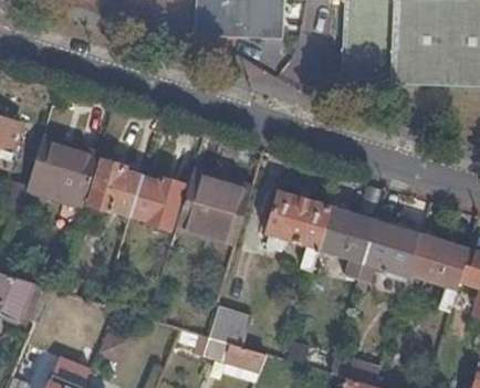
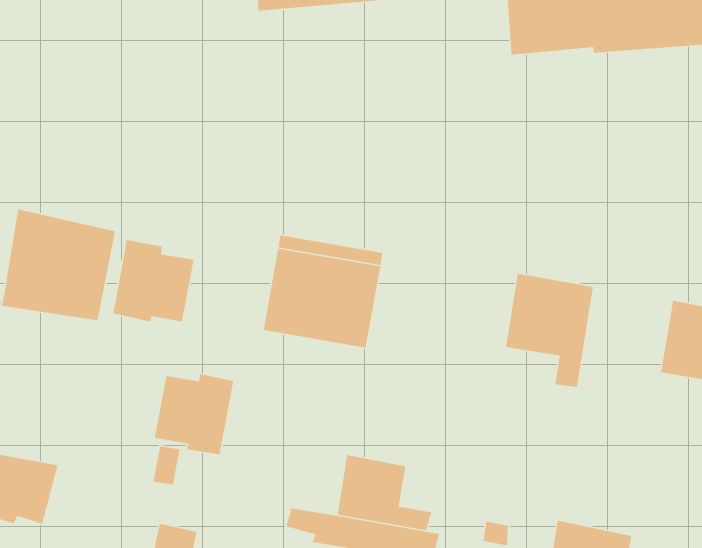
building: [131,177,181,228] -> [154,373,234,455]
building: [265,191,331,271] -> none
building: [358,220,420,283] -> none

